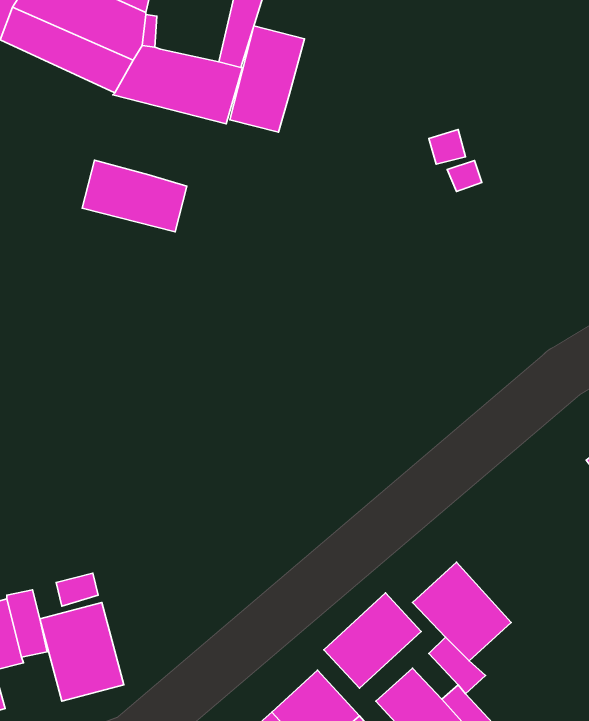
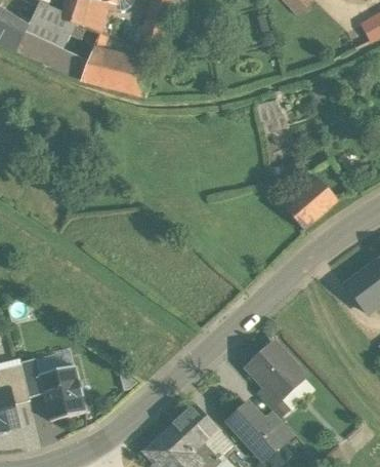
building: [230,26,305,132] -> none
building: [82,160,187,232] -> none
building: none -> [282,176,335,228]
building: [324,593,421,688] -> none

